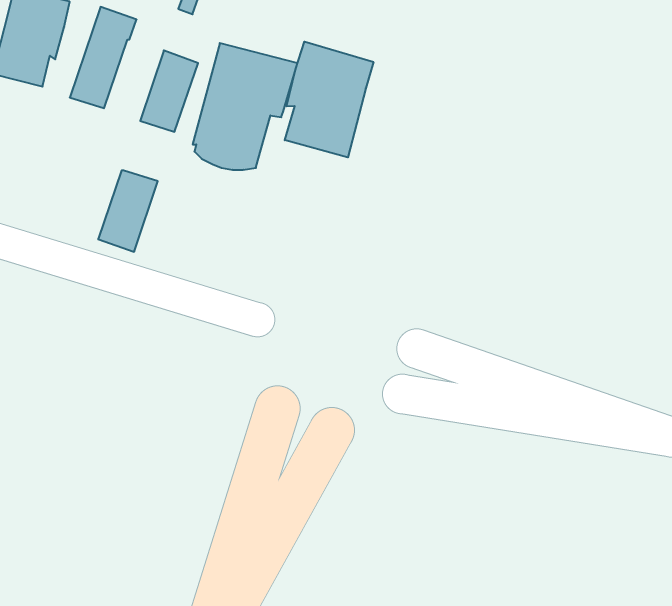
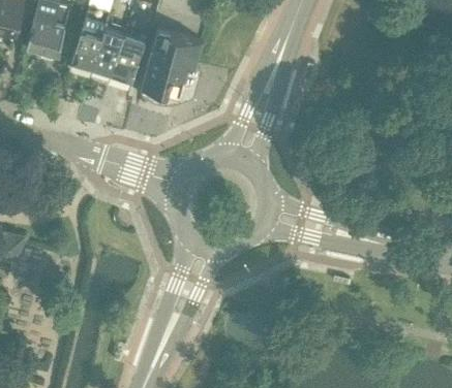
building: [285,42,373,157] -> none
building: [98,170,158,252] -> [91,28,125,74]

